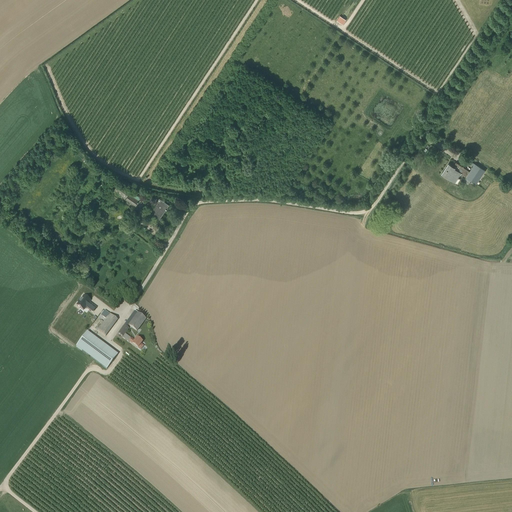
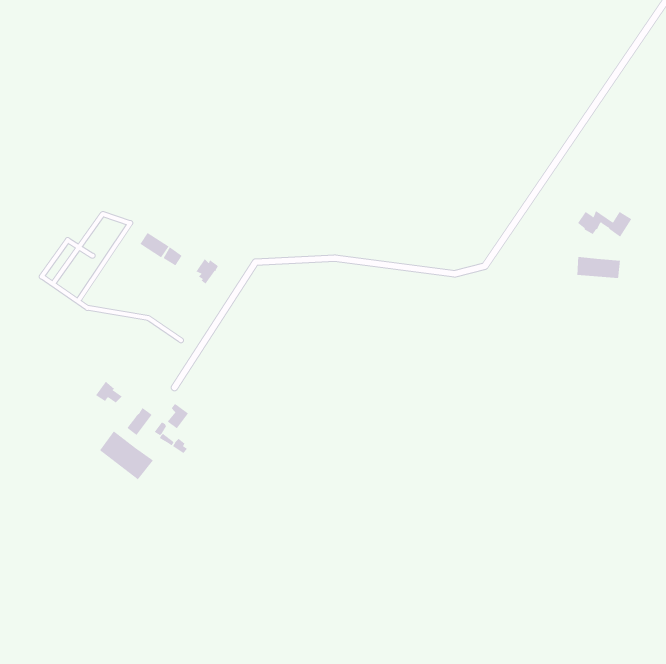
building: none -> [577,256,620,279]

